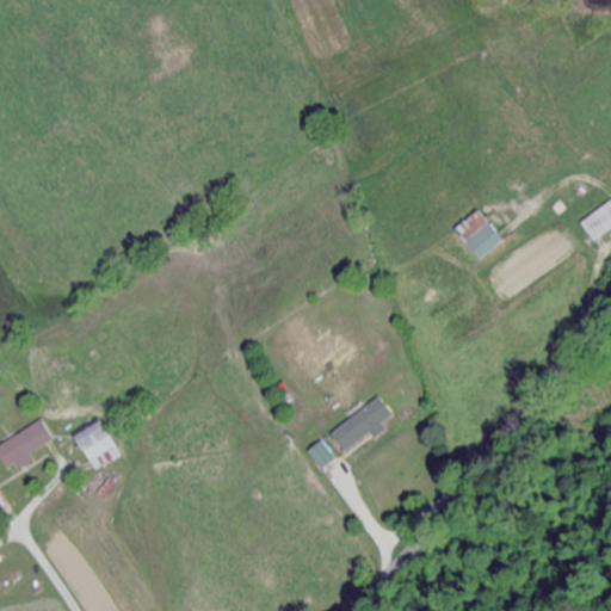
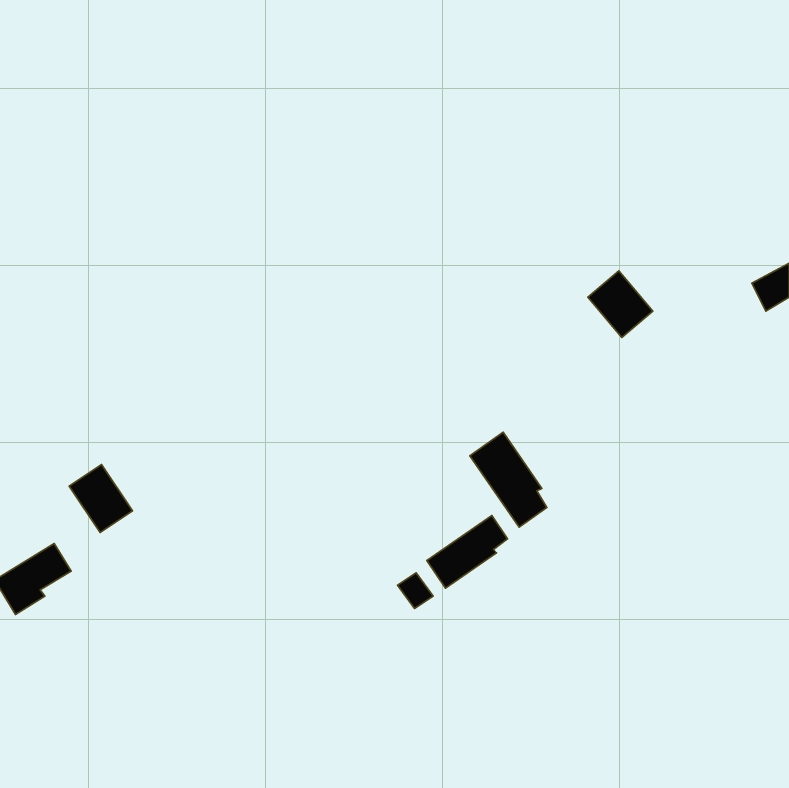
building: none -> [470,432,547,527]
building: [73,418,122,470] -> [69,464,133,532]

